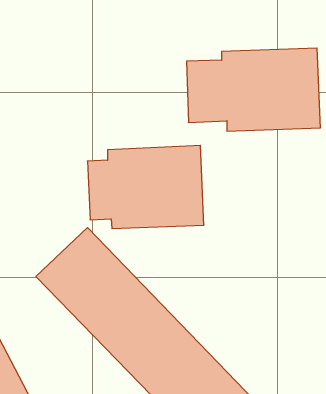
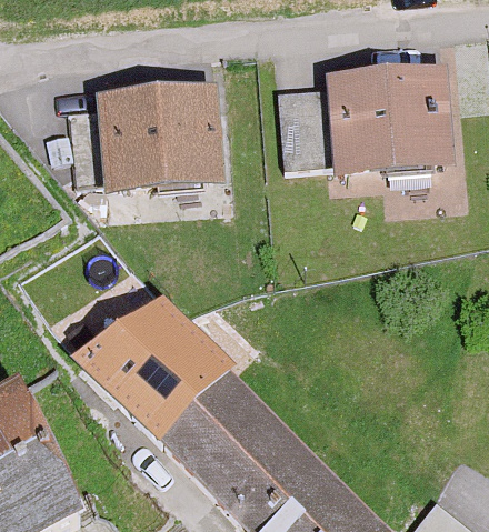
building: [87,145,204,229] -> [73,84,221,190]

